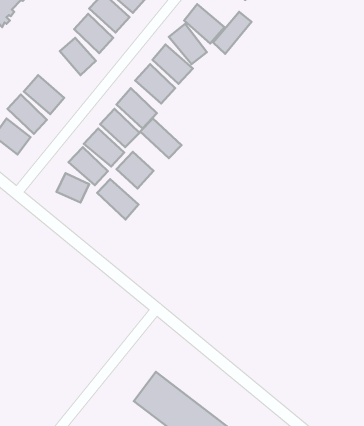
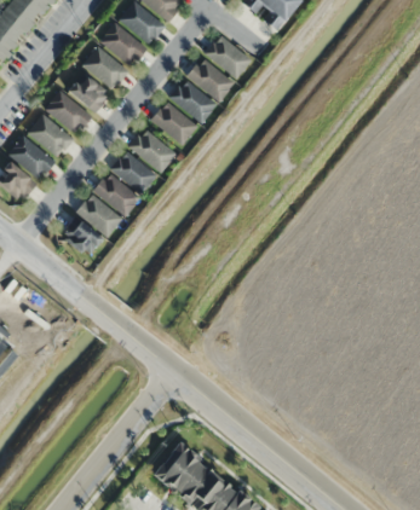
building: [213,12,251,54] -> none
building: none -> [47,93,92,135]
building: [140,119,181,158] -> none
building: [116,152,154,189] -> none
building: [97,179,139,220] -> none

